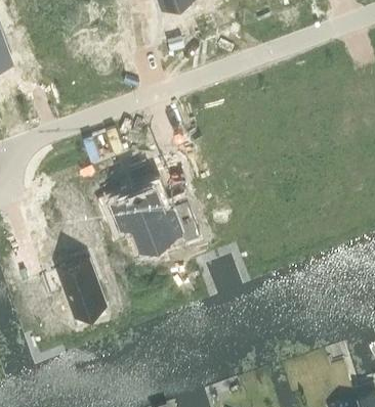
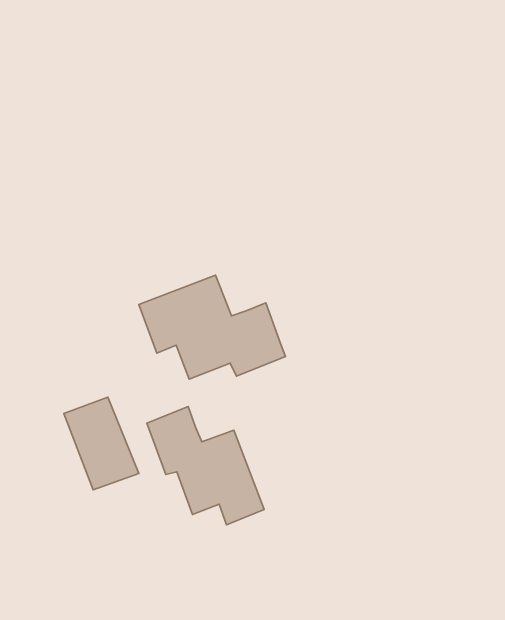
building: none -> [147,406,264,525]

